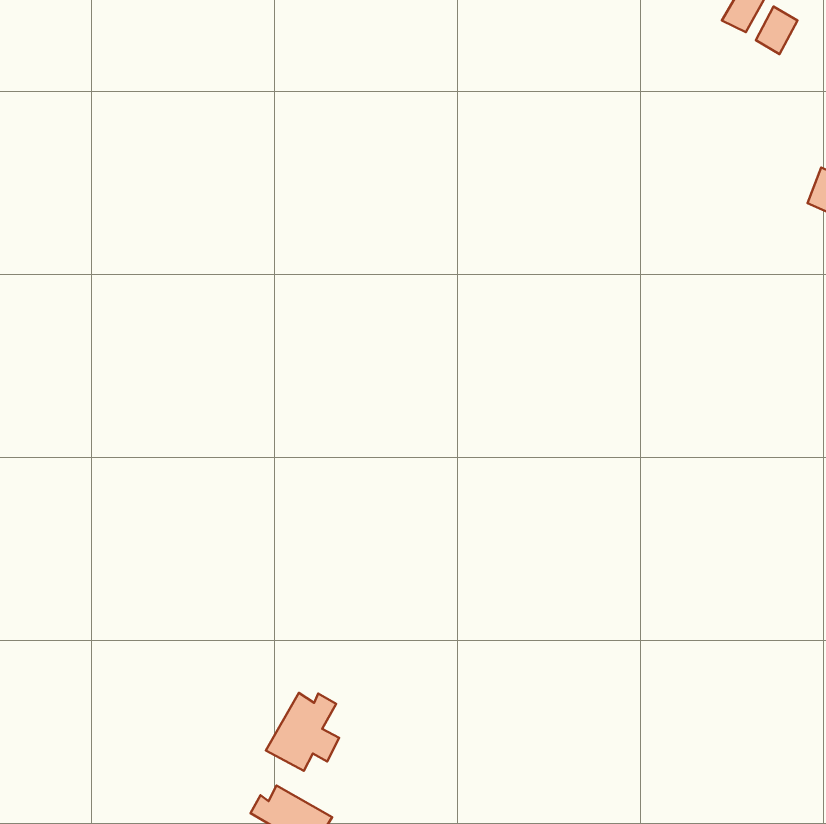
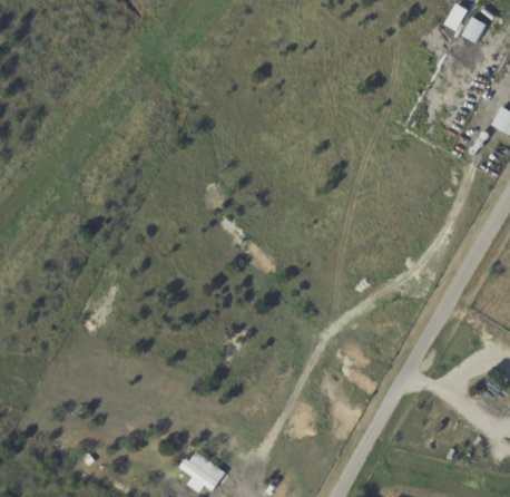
building: [266,693,339,771] -> none

